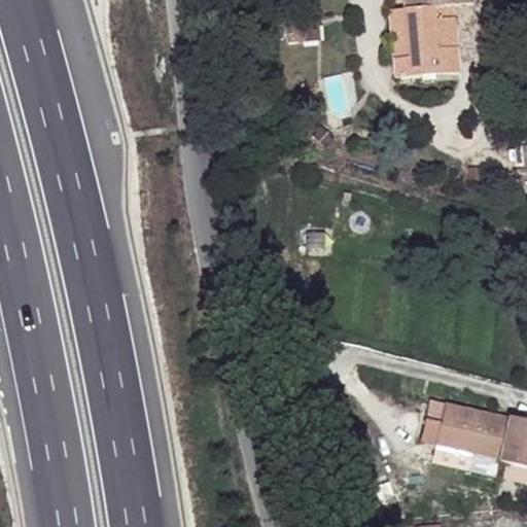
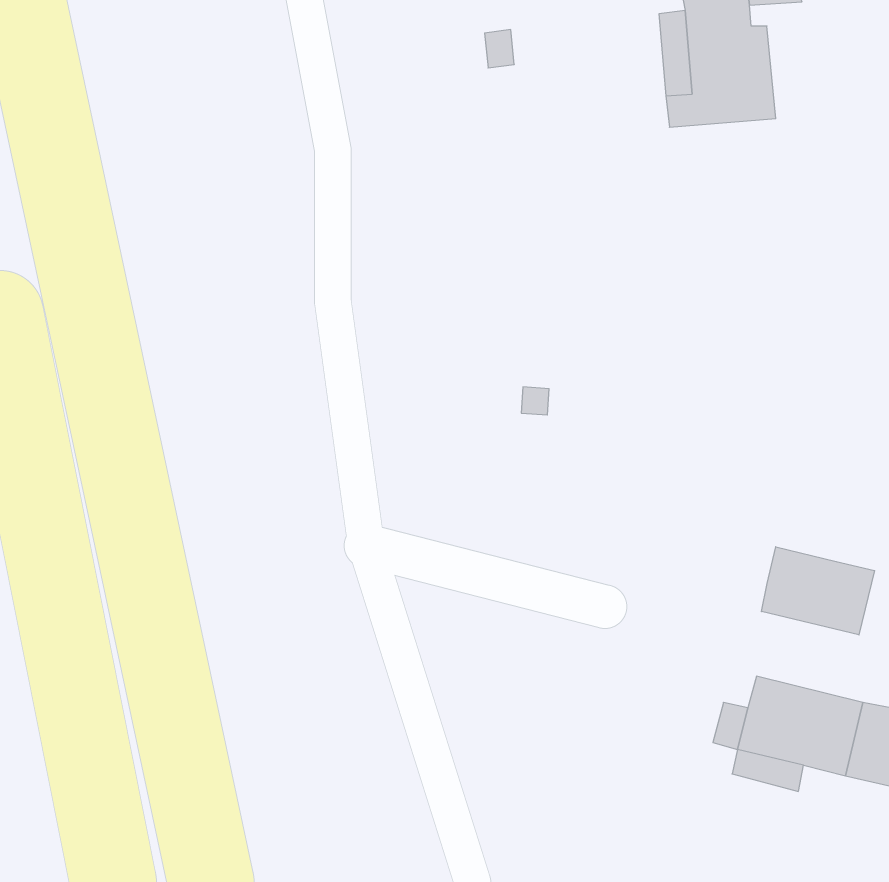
building: none -> [761,547,875,635]

